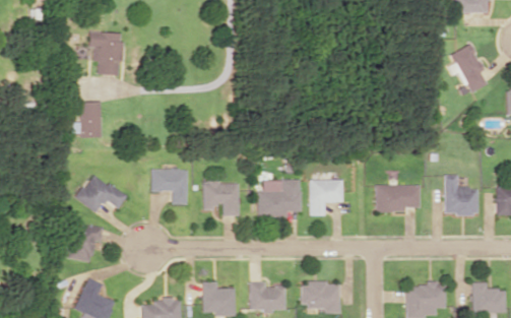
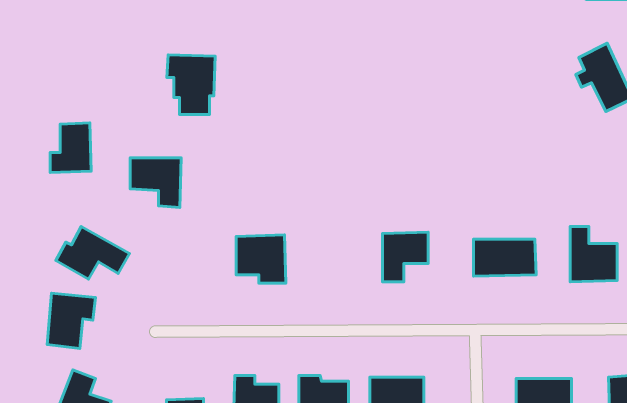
building: [88,33,123,75] -> [167,55,215,114]
building: [153,170,190,205] -> [130,158,181,207]
building: [258,180,301,217] -> none

